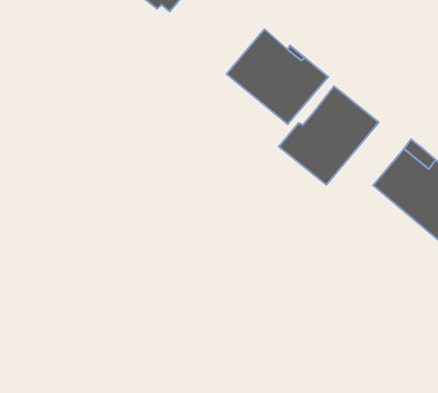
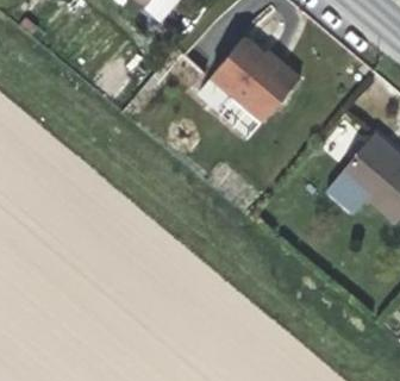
building: [279,86,379,185] -> none

